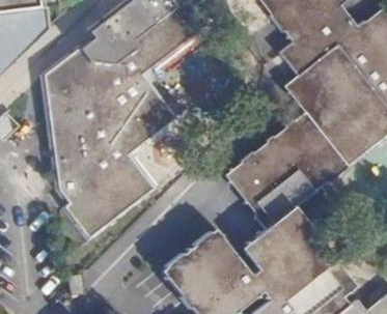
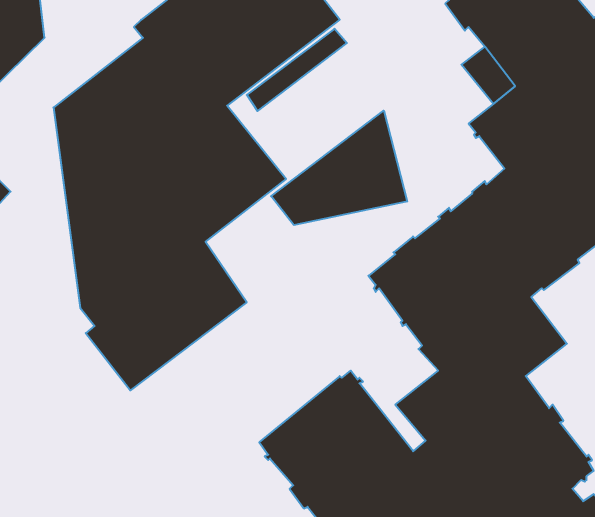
building: none -> [271,111,407,225]

